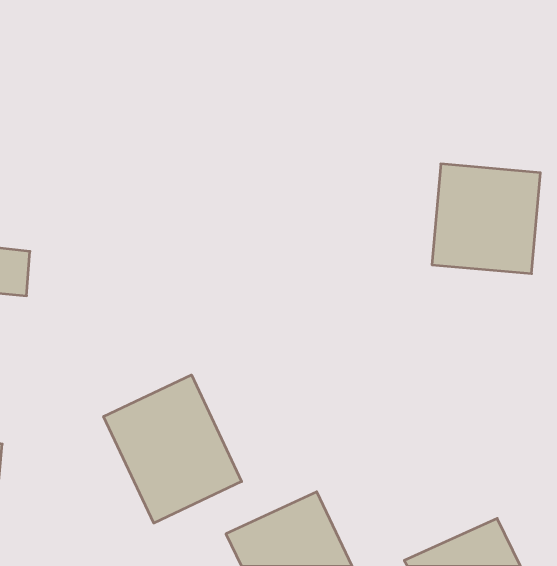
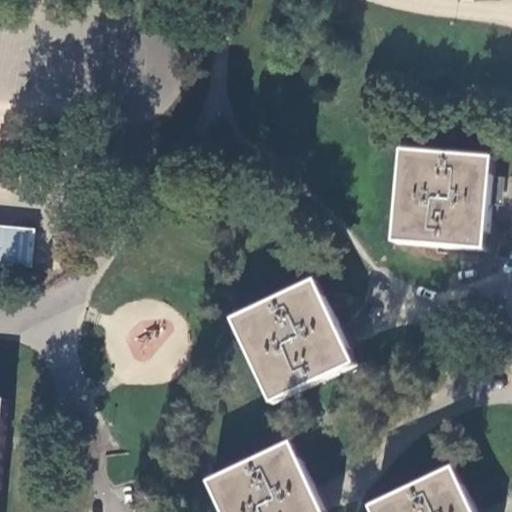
building: none -> [227,281,350,402]
building: [104,375,242,523] -> none

